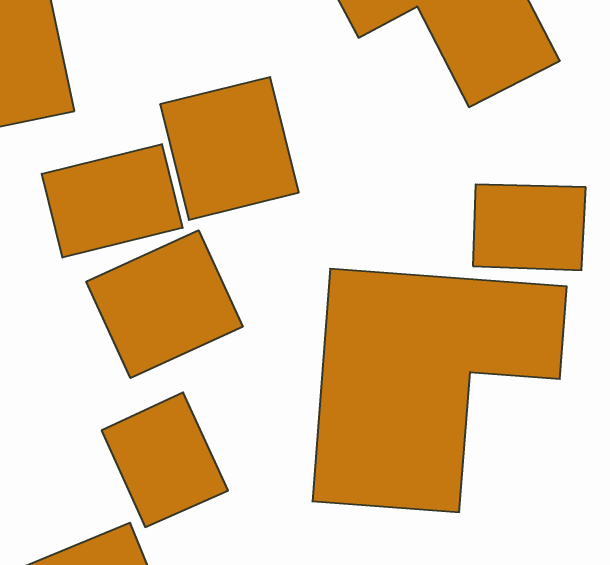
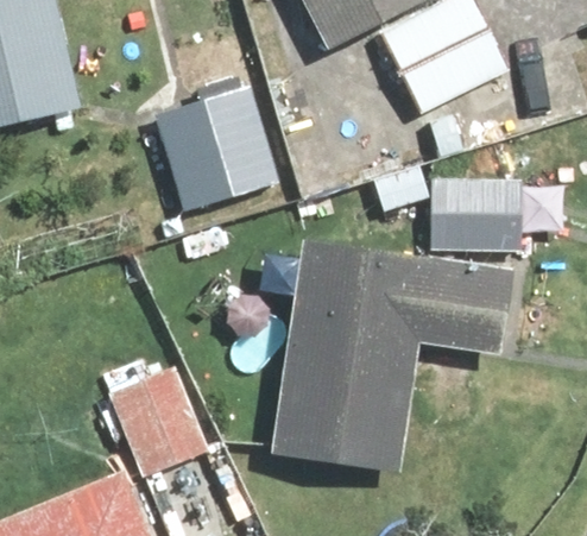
building: [42,144,183,258] -> none
building: [86,230,243,378] -> none

